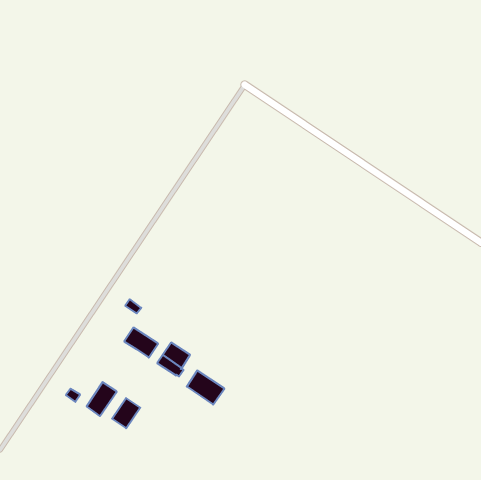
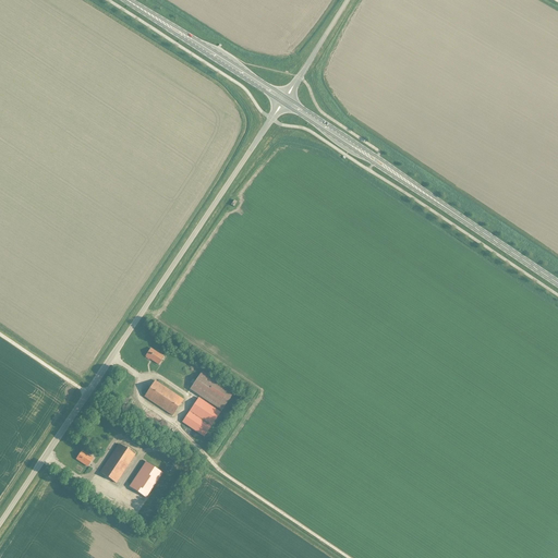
building: [187,371,224,405] -> [190,371,233,410]

